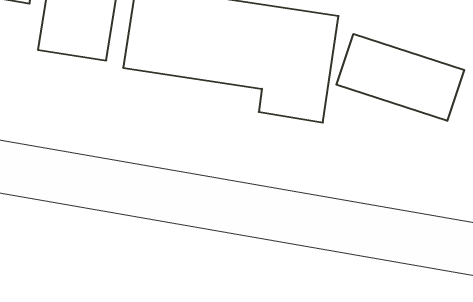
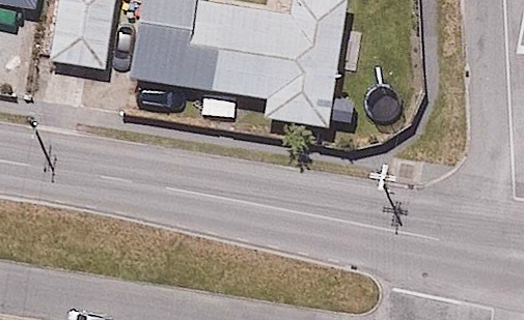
building: [336,34,464,121] -> none

